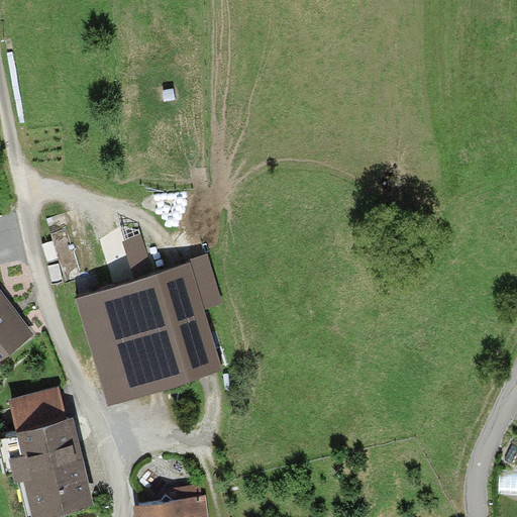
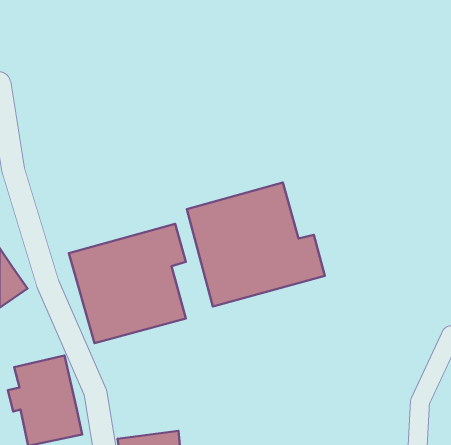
building: none -> [187,183,325,307]
building: [10,390,64,427] -> none

